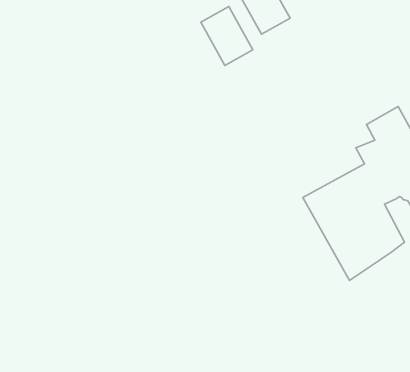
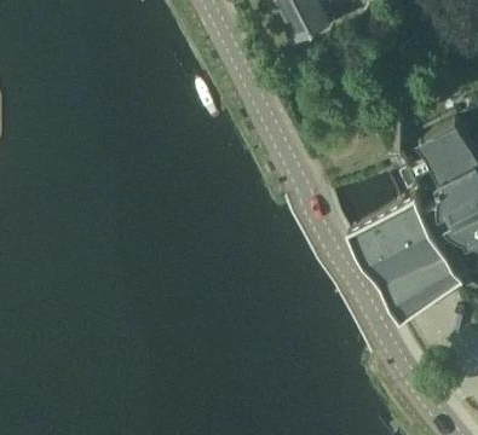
building: [201,7,253,65] -> none

